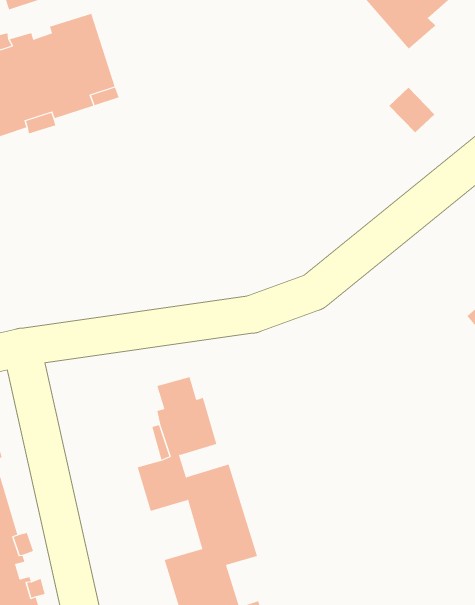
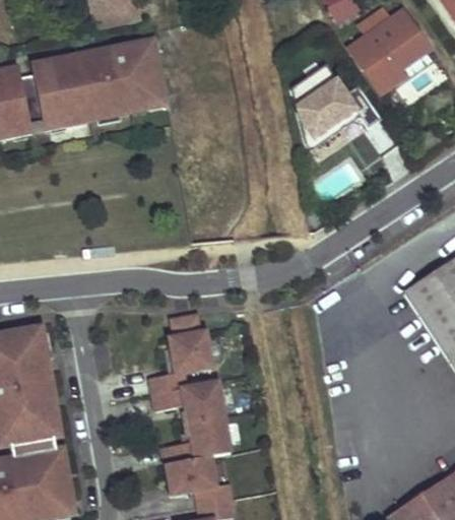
building: none -> [291,63,381,141]

